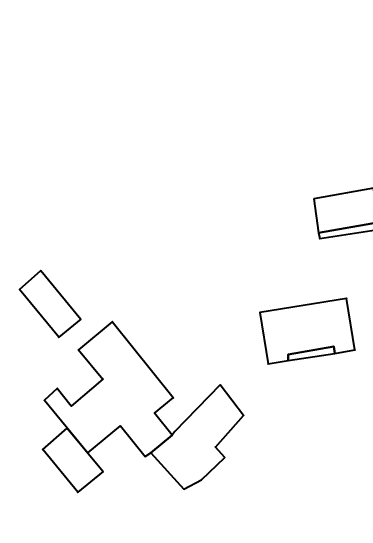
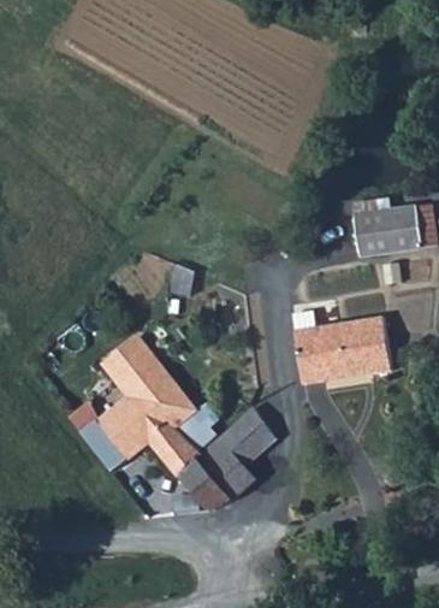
building: [20,271,81,337] -> none
building: [43,428,103,492] -> none

